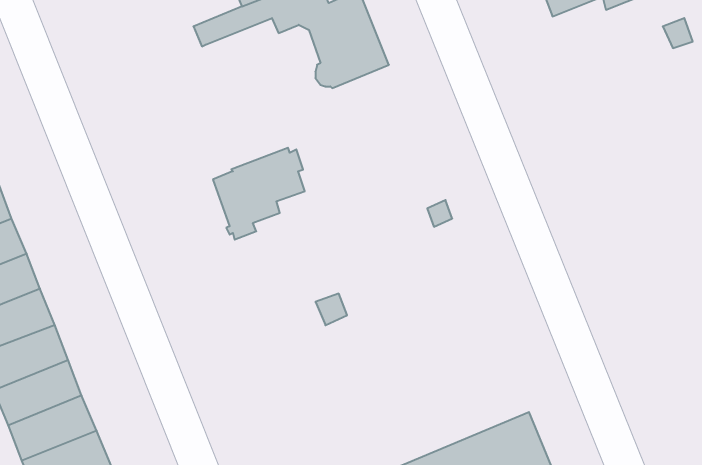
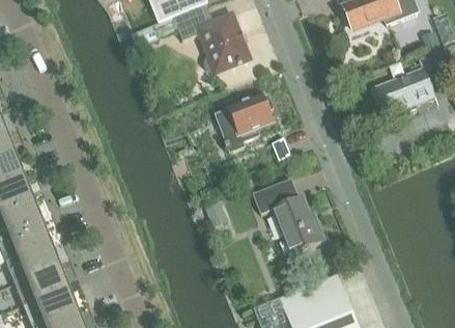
building: none -> [375,67,434,115]
building: [213,148,305,240] -> [217,93,274,151]
building: none -> [253,177,324,253]

